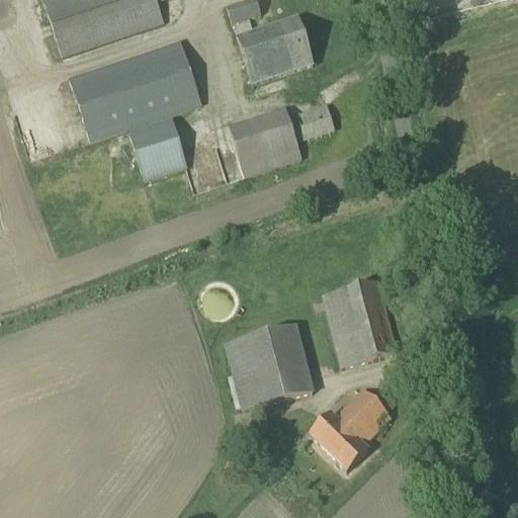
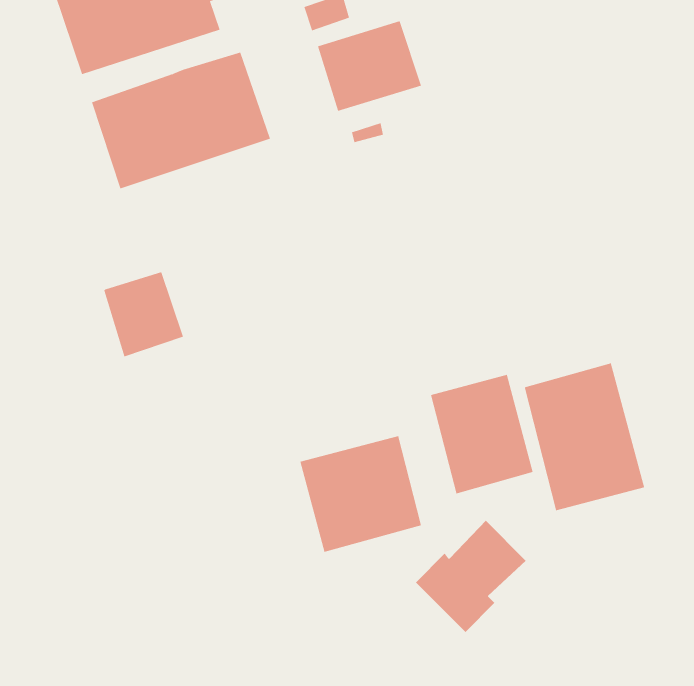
building: [229,102,335,176] -> none
building: [128,117,188,181] -> [103,271,184,357]
building: none -> [524,363,645,511]

